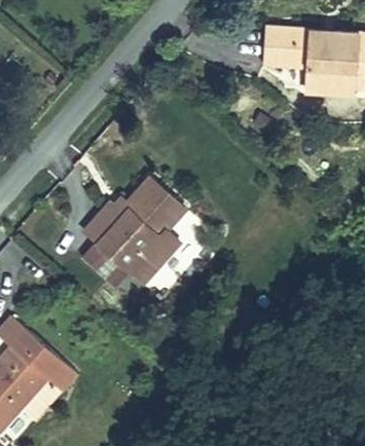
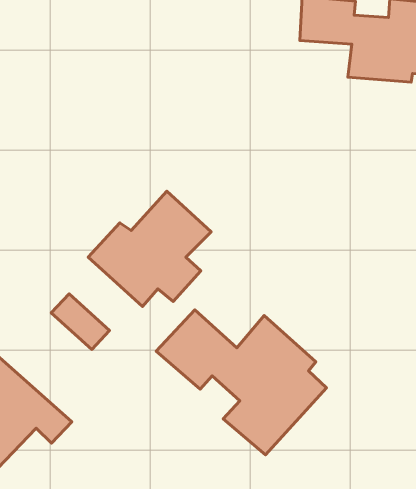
building: [85,248,133,293] -> [51,294,110,349]
building: none -> [156,310,327,455]

